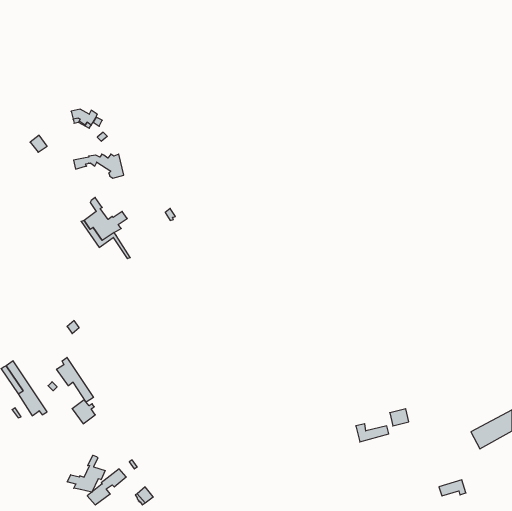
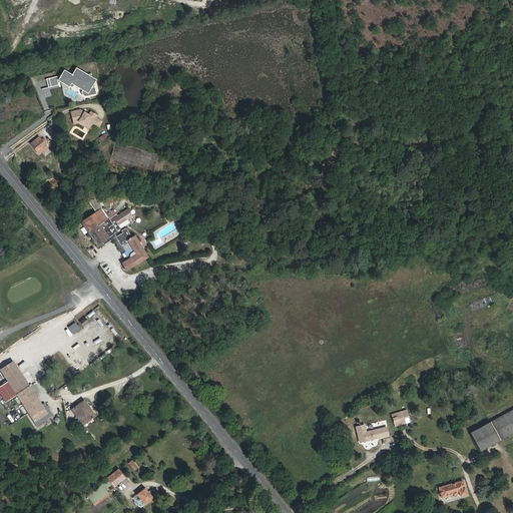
building: [74,154,124,178] -> [46,72,96,96]
building: none -> [116,227,148,270]
building: [57,357,93,402] -> none
building: [67,455,105,492] -> none

